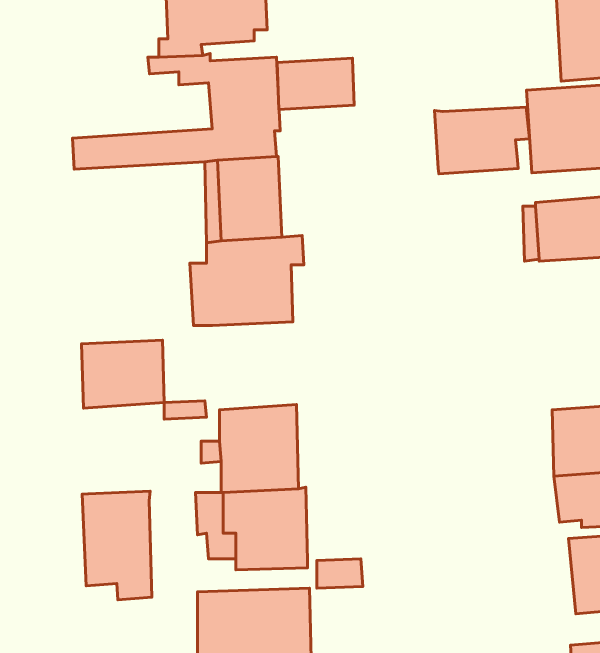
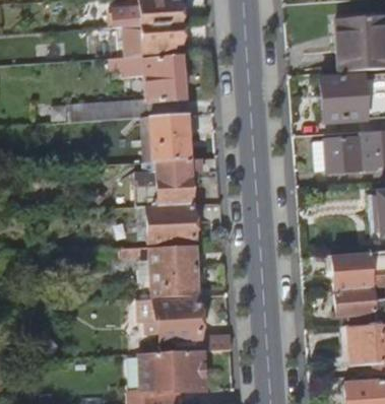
building: [277,58,354,110] -> none
building: [434,107,530,174] -> none
building: [82,340,164,408] -> [148,204,194,242]
building: [82,491,152,600] -> none

